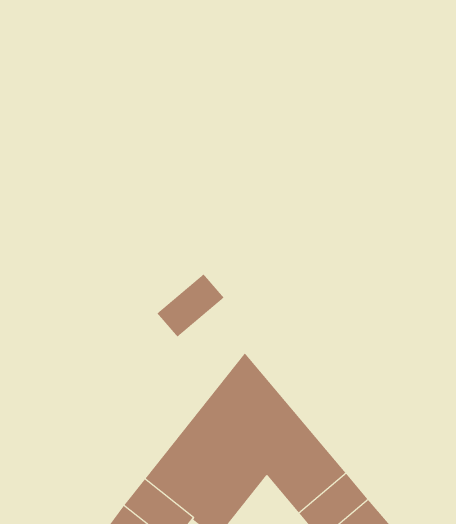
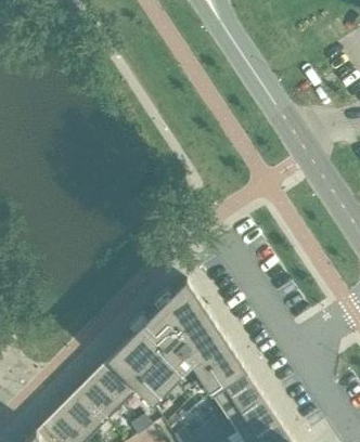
building: [157,273,224,338] -> none

